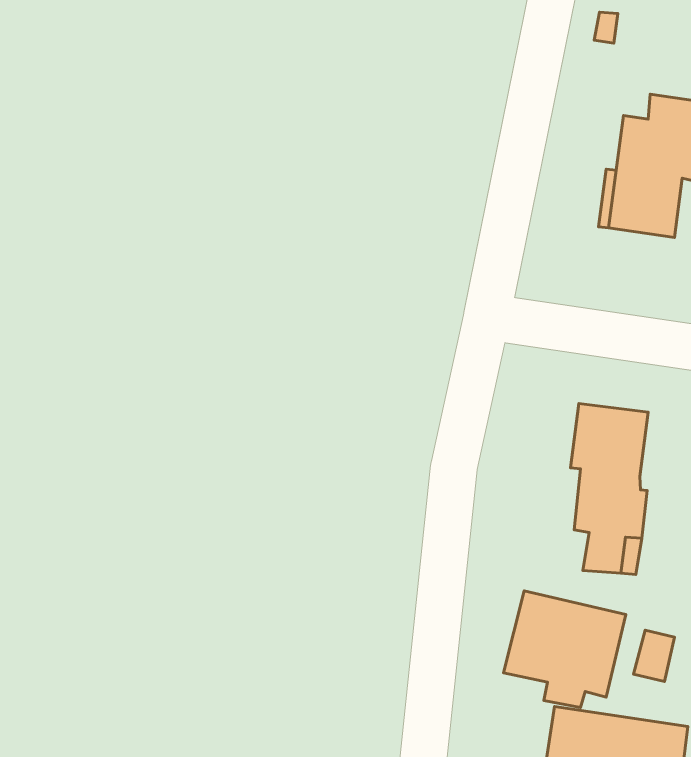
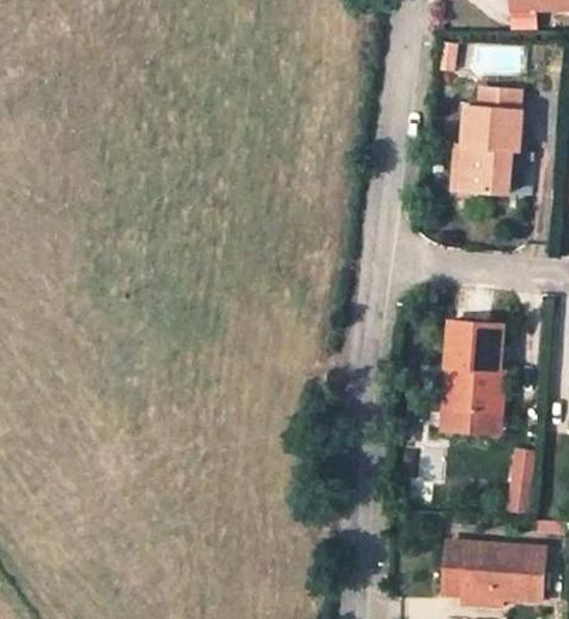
building: [504,591,626,707] -> none

